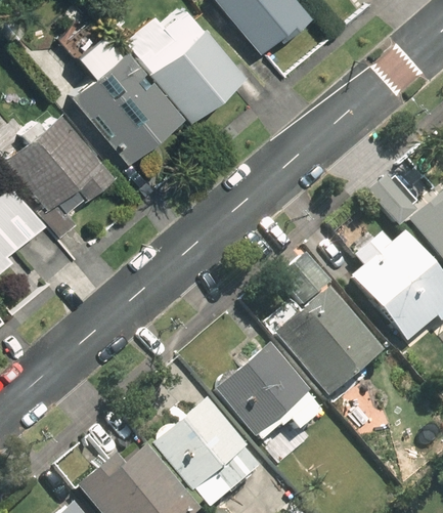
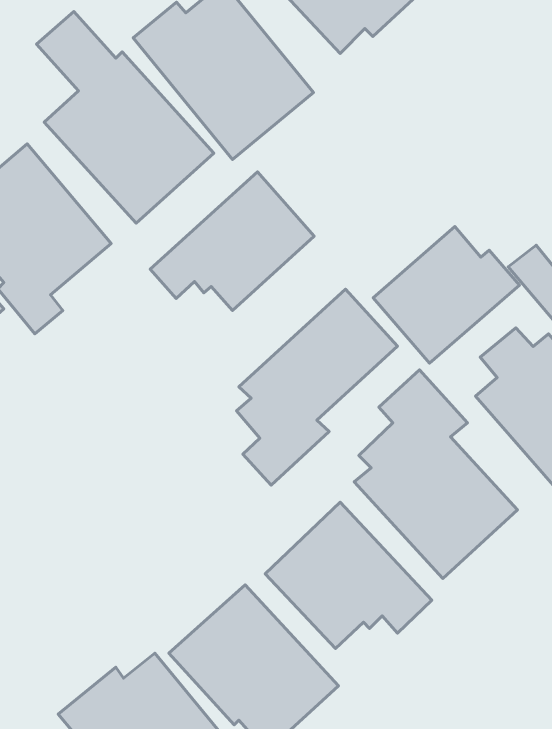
building: none -> [150,172,314,310]
building: none -> [373,227,519,363]
building: none -> [236,289,398,485]

